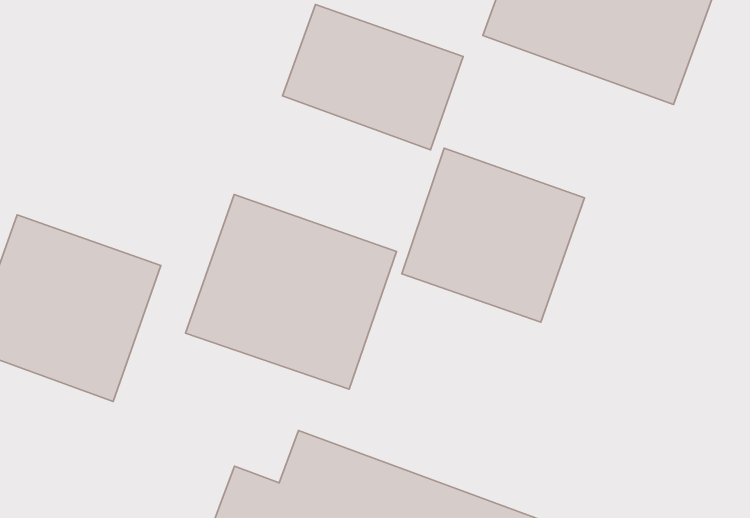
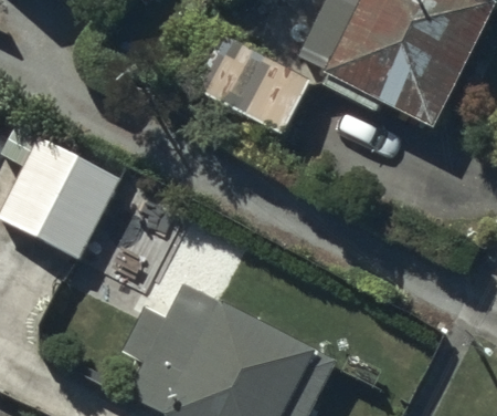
building: [402,148,584,322] -> none
building: [185,194,396,389] -> none

